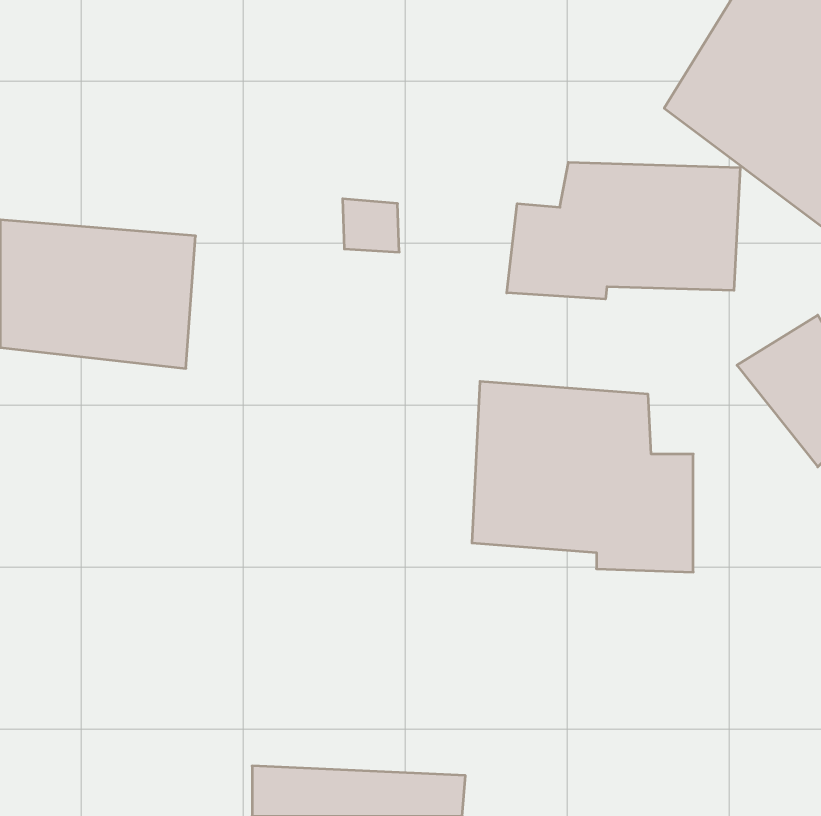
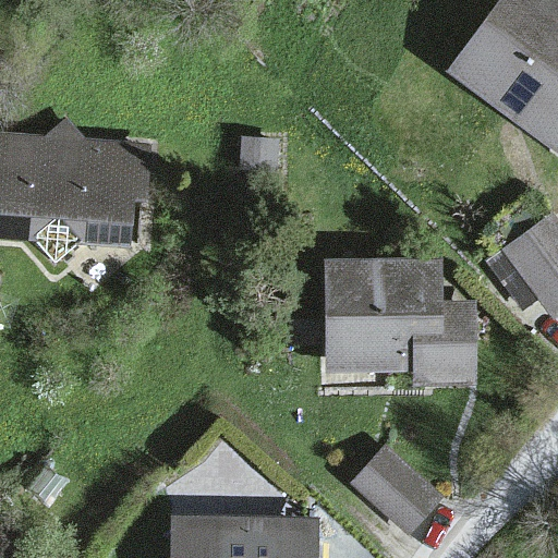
building: [507,162,740,299] -> none
building: none -> [348,441,442,531]

